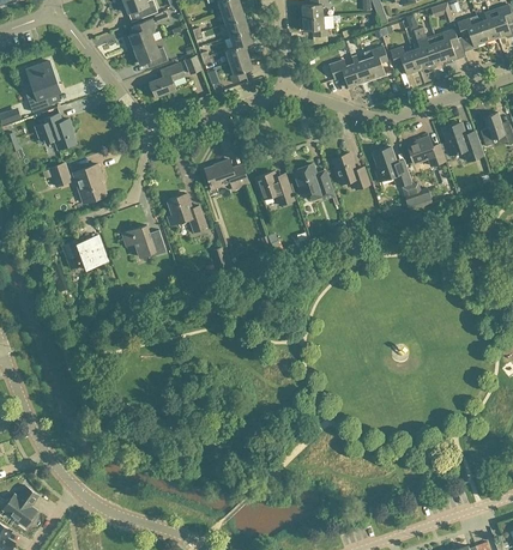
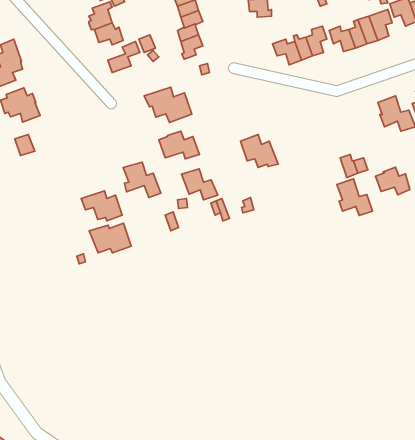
building: none -> [144,87,192,123]
building: [408,135,445,165] -> [376,167,410,195]
building: [373,146,411,186] -> [337,179,372,215]
building: [333,152,369,188] -> none
building: [73,164,105,203] -> none
building: [255,171,295,205] -> [181,169,218,200]
building: [61,235,107,267] -> [89,223,131,253]

